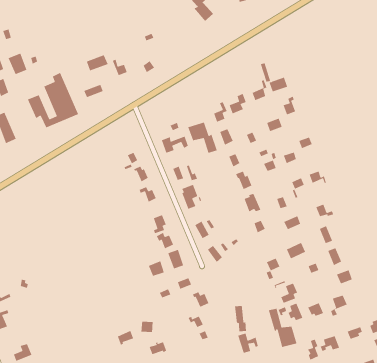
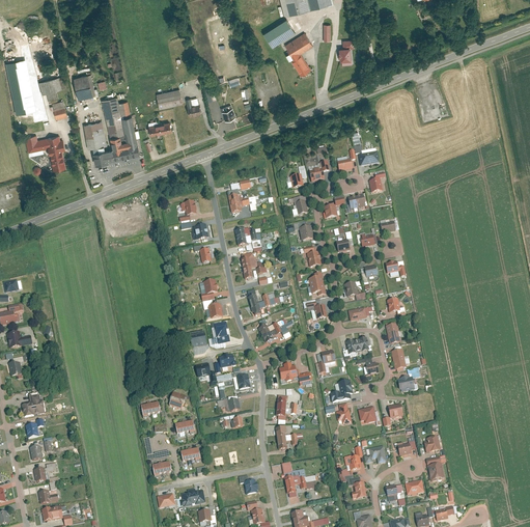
building: [187,122,218,154] -> none
building: none -> [278,361,311,385]
building: [268,308,297,348] -> none

